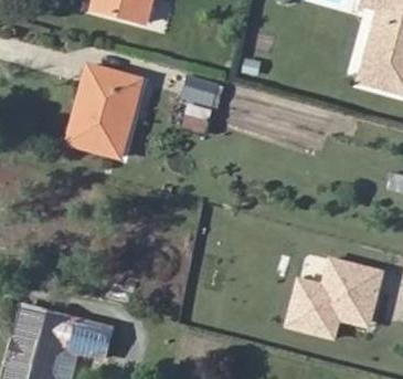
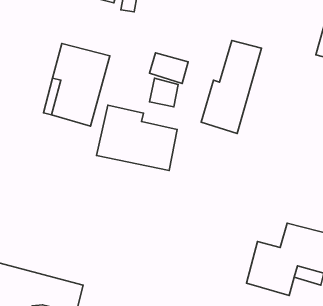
building: none -> [201,41,261,133]
building: none -> [96,105,177,171]

